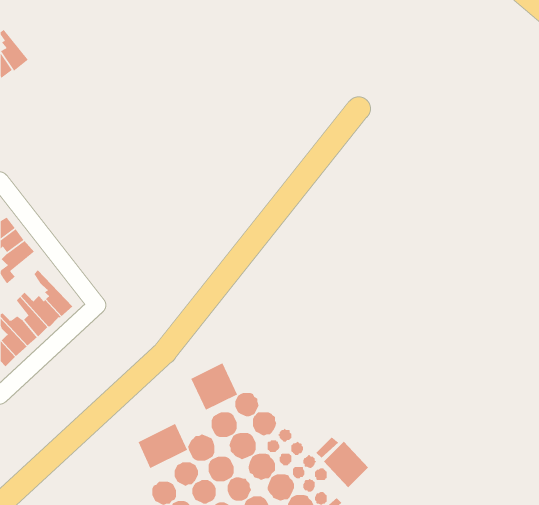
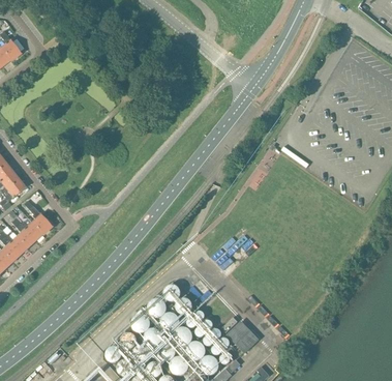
building: [190,362,238,411] -> none
building: [137,423,188,469] -> none

